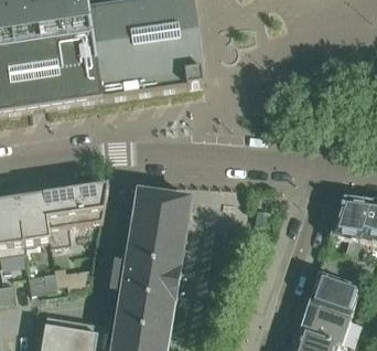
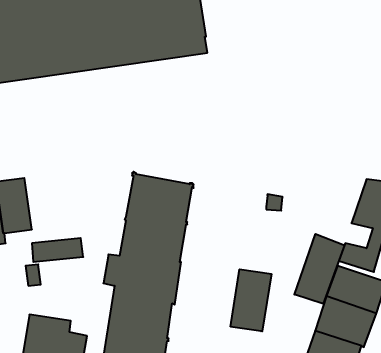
building: [42,182,108,244] -> none
building: none -> [294,234,344,304]
building: none -> [231,269,271,331]

